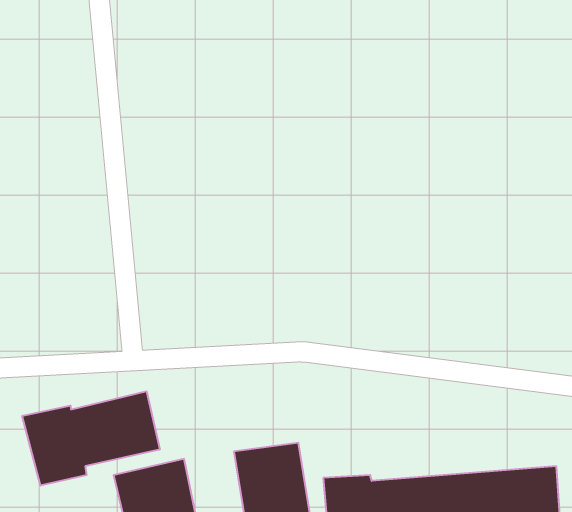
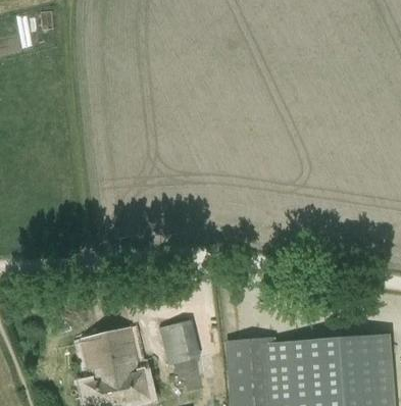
building: [22,391,160,486] -> none

